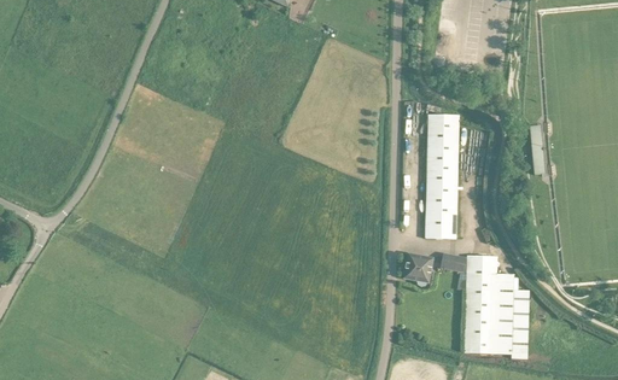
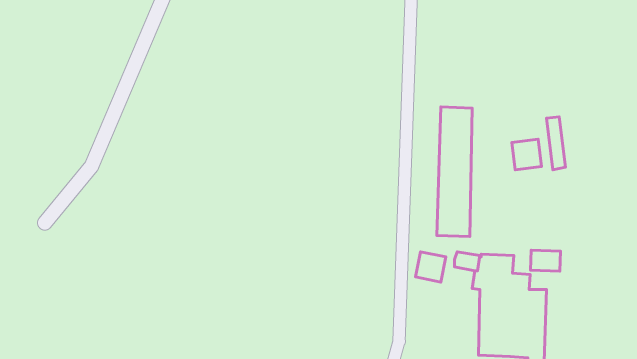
building: none -> [512,139,542,170]
building: none -> [530,250,560,271]

